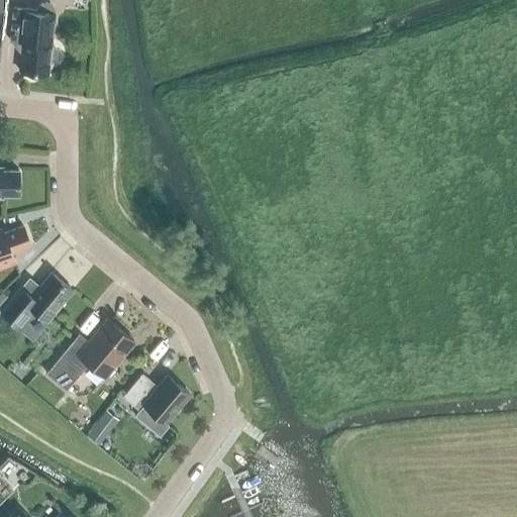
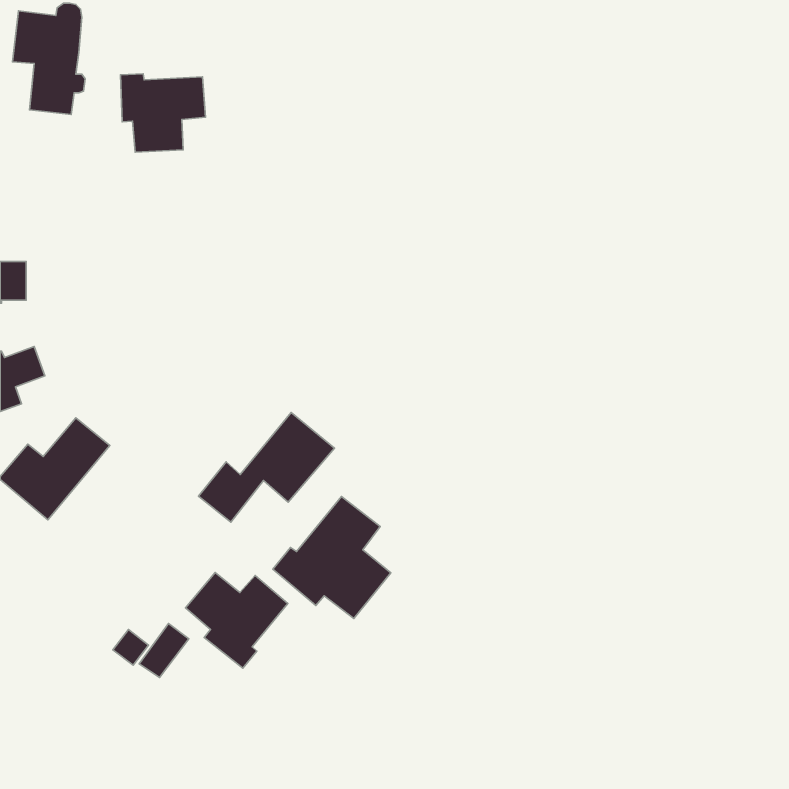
building: none -> [120,74,206,152]
building: [45,320,134,392] -> [198,412,334,522]
building: none -> [273,496,391,618]

